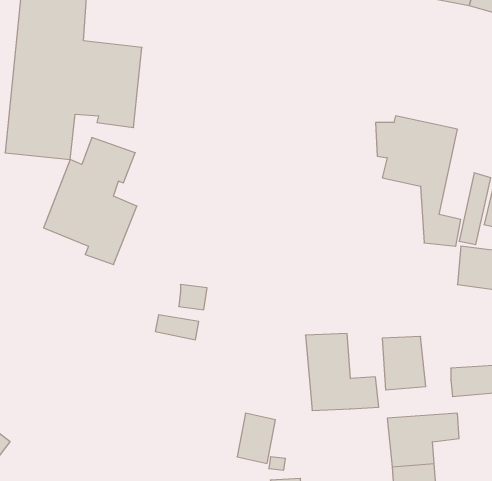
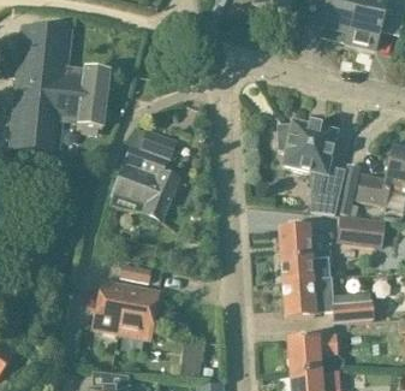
building: [44,138,137,265] -> [113,129,180,220]
building: [305,334,379,410] -> [279,225,332,280]
building: none -> [94,280,160,339]

